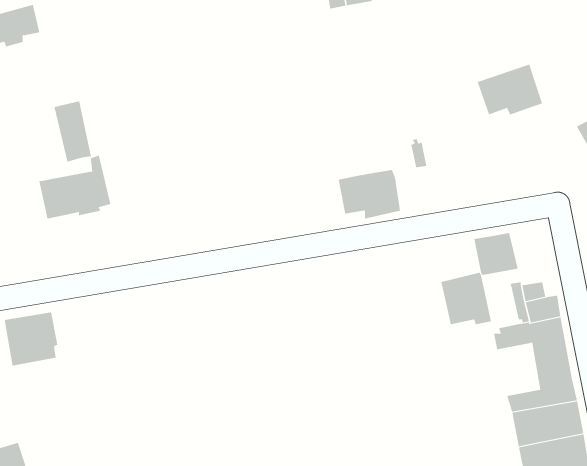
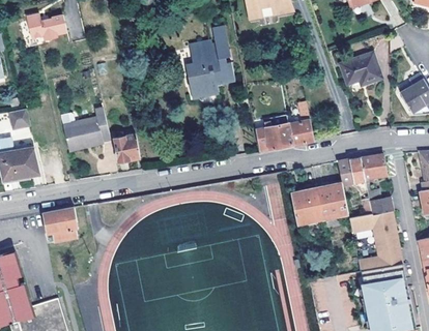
building: none -> [187,26,234,99]
building: [54,100,91,162] -> none
building: none -> [288,120,314,144]
building: none -> [113,133,139,161]
building: none -> [360,153,385,179]
building: none -> [290,188,324,229]

